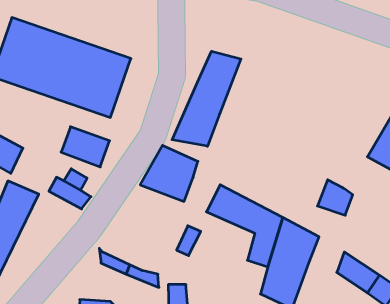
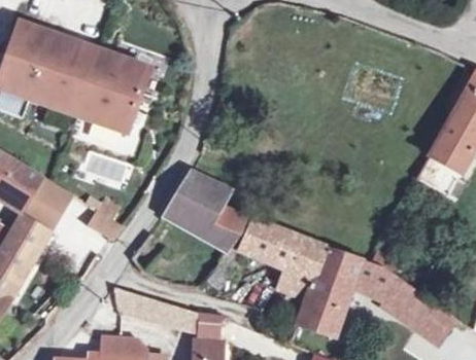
building: [172,51,241,146] -> none
building: none -> [19,170,68,220]
building: none -> [213,202,253,238]
building: [317,180,353,215] -> [351,267,390,307]

